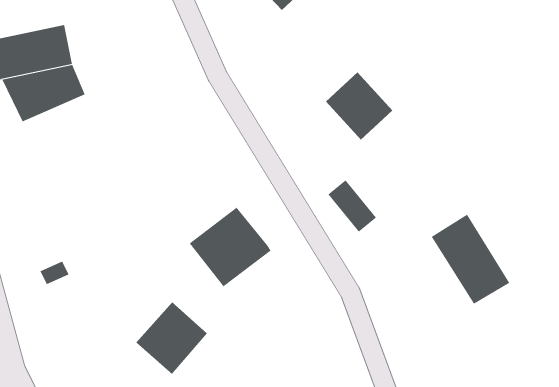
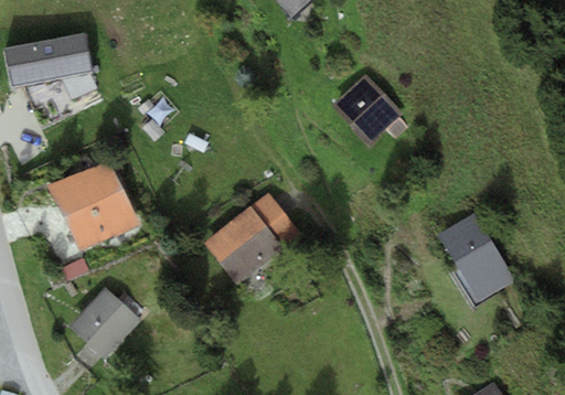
building: none -> [49,161,139,250]
building: [328,180,377,232] -> [250,192,298,243]
building: [136,301,208,375] -> [70,287,139,357]

